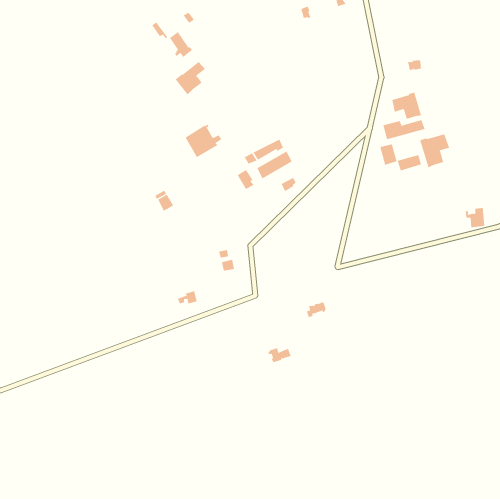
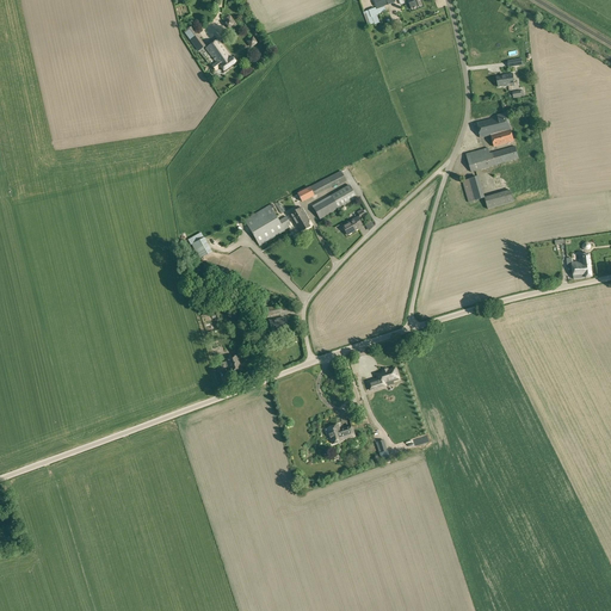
building: [175,61,206,95] -> none
building: [185,124,222,158] -> [245,203,290,245]
building: [420,133,450,168] -> none

